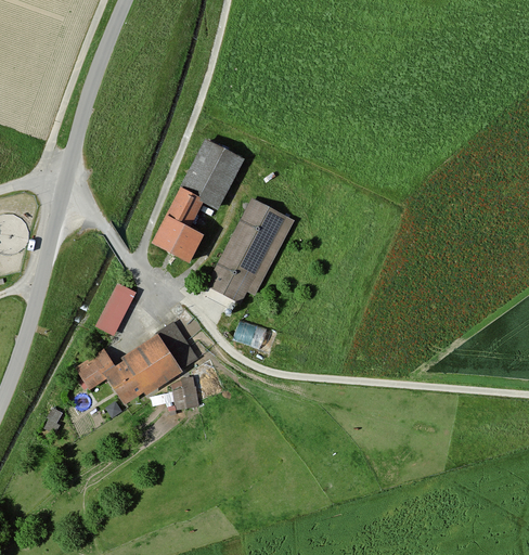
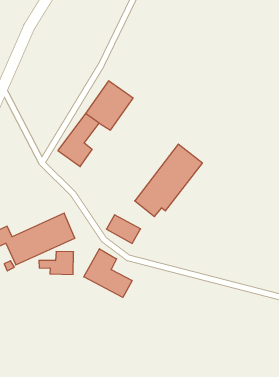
building: [211,201,292,300] -> [135,144,202,217]
building: [98,284,134,332] -> none
building: none -> [84,249,132,297]

